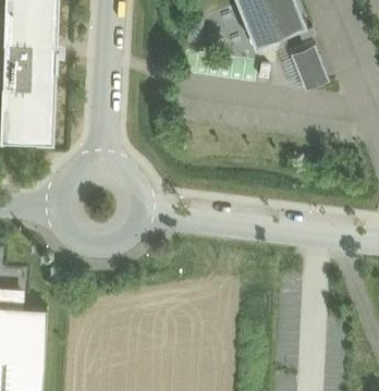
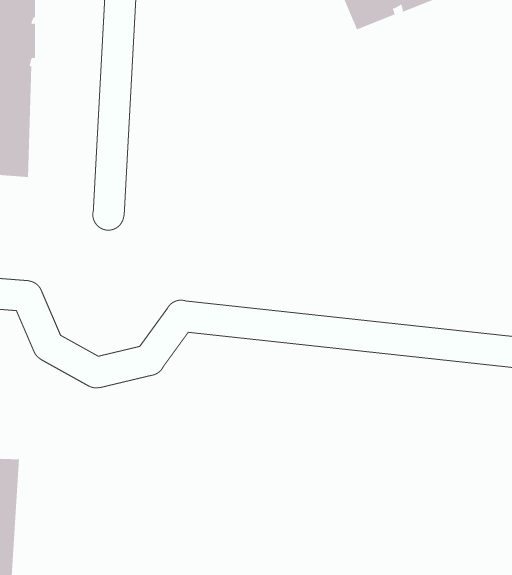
building: [290,46,329,91] -> none

